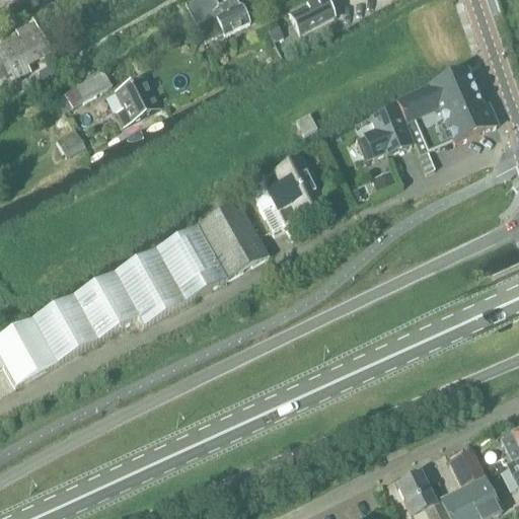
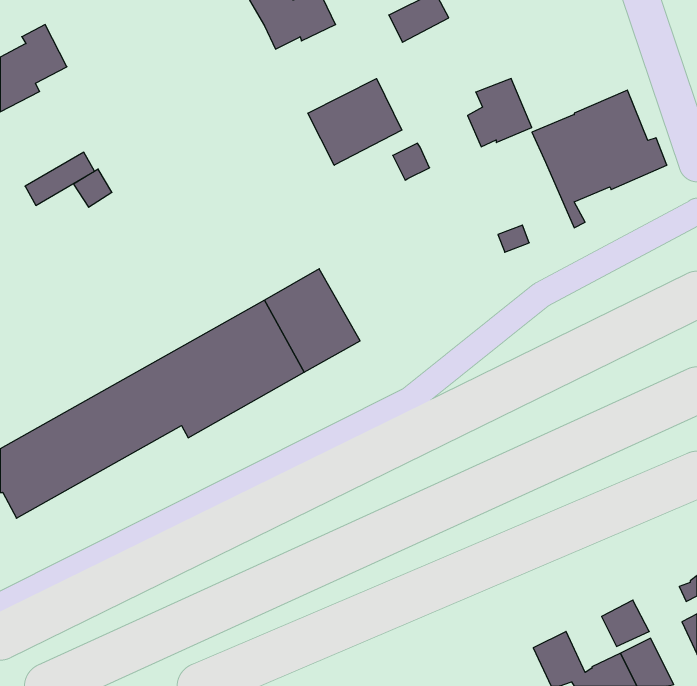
building: none -> [308,79,402,165]
building: [60,68,112,107] -> [25,152,95,205]
building: [117,75,158,122] -> none
building: [364,104,412,155] -> [468,79,532,147]
building: [262,157,322,222] -> none

